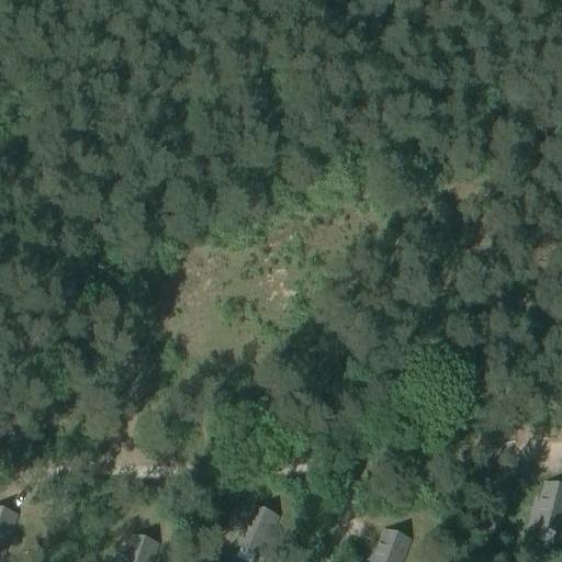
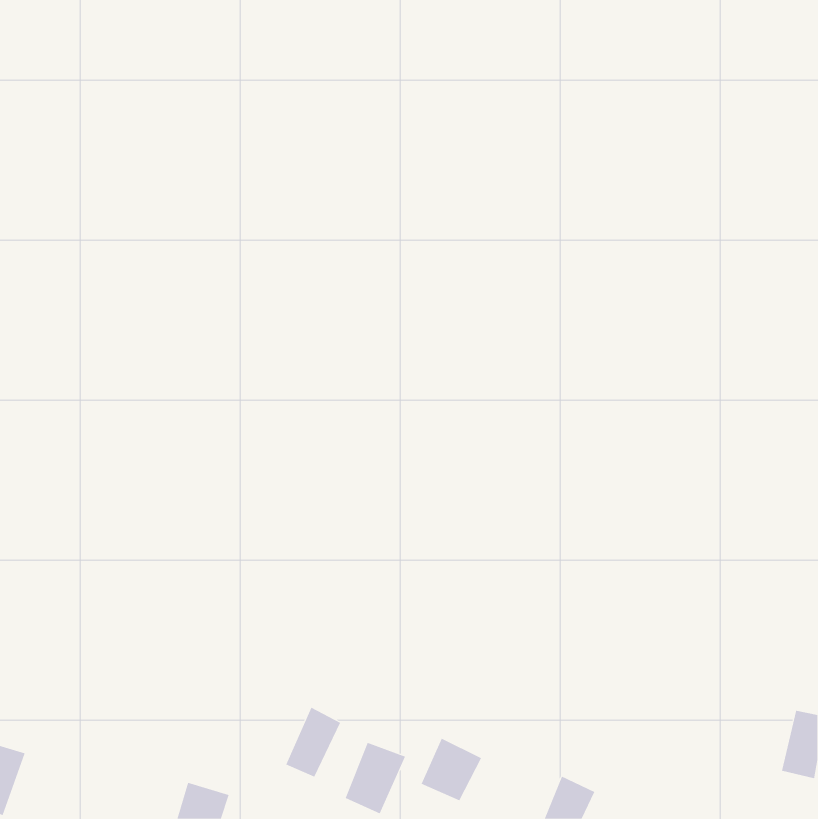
building: none -> [285,707,341,777]
building: none -> [421,738,482,801]

